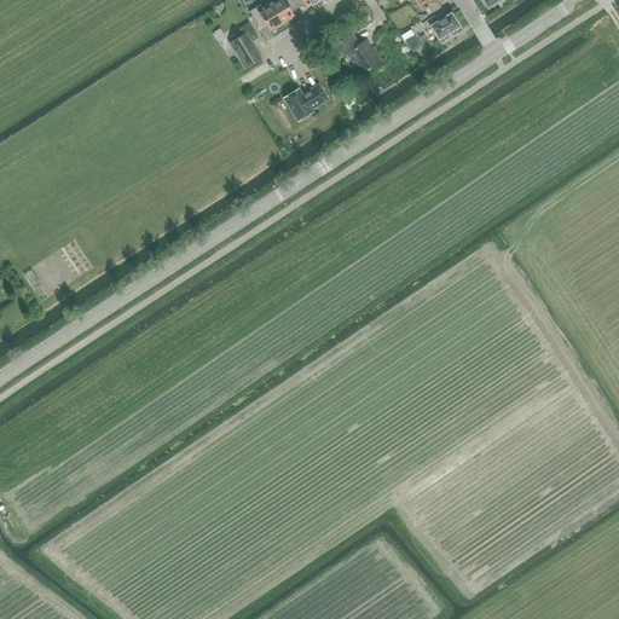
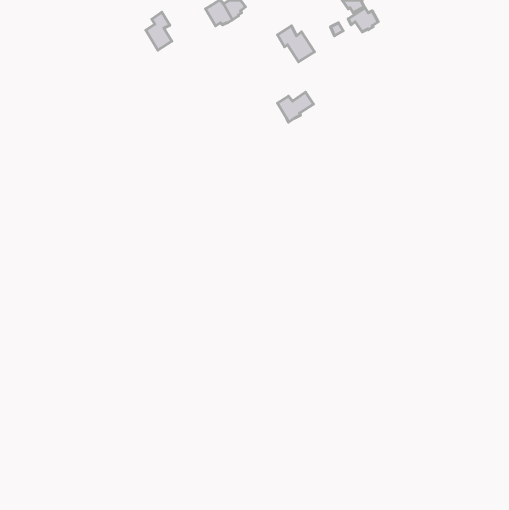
building: [231,23,262,69] -> [146,12,172,50]
building: [285,85,329,121] -> [278,92,313,122]

